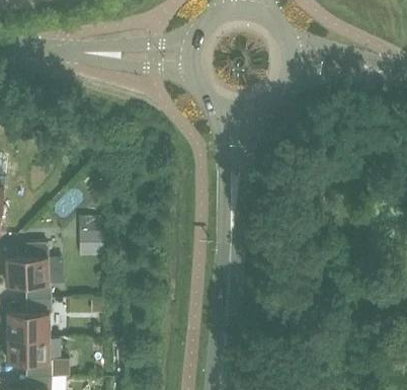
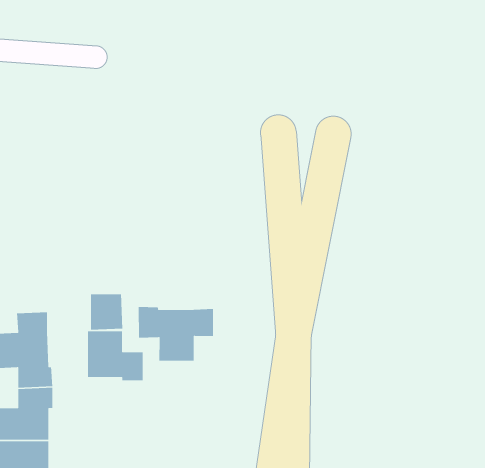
building: none -> [138,306,214,362]
building: none -> [87,331,144,381]

